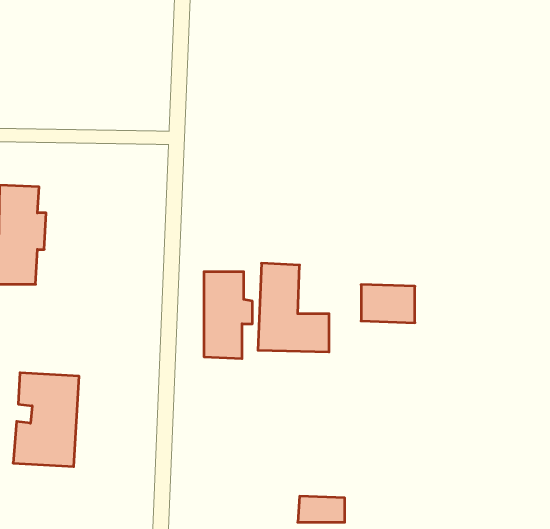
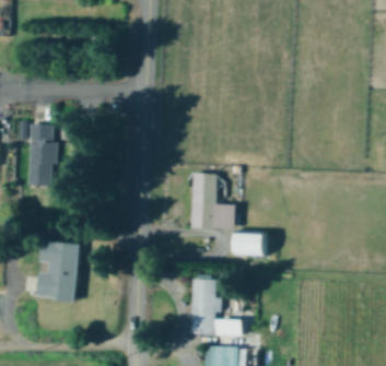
building: [204,272,252,359] -> [190,280,221,334]
building: [361,285,415,323] -> [237,233,271,257]

